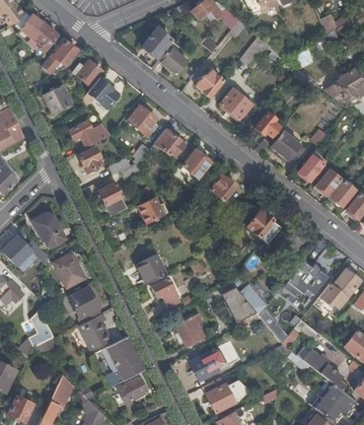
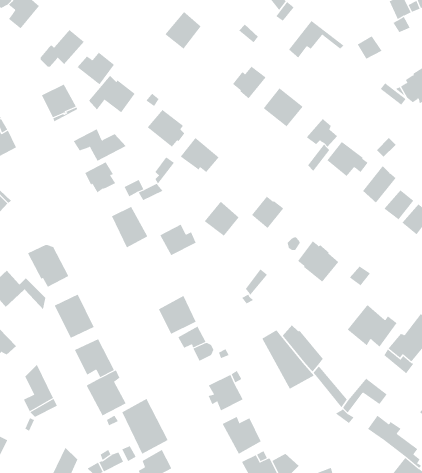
building: [26,23,57,56] -> none
building: [158,42,187,74] -> none
building: [181,149,210,178] -> [204,201,239,237]

